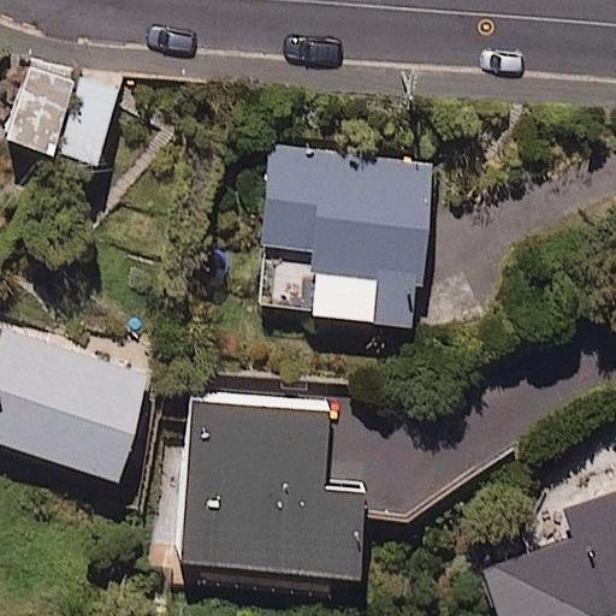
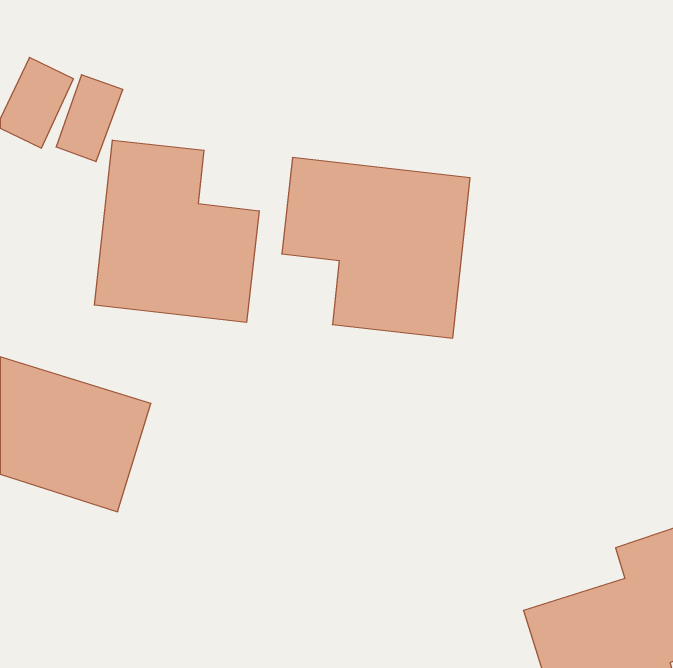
building: none -> [94,140,259,322]
building: [176,399,366,586] -> none

